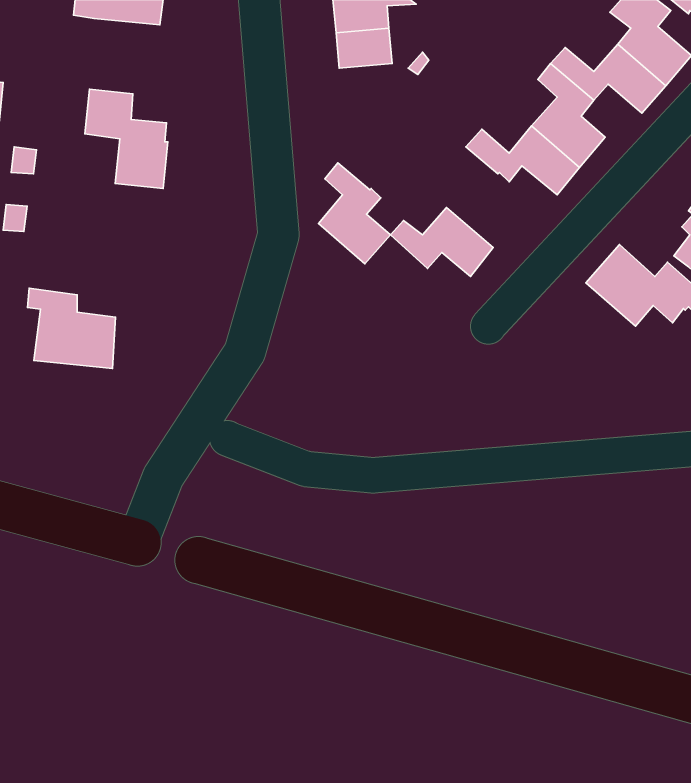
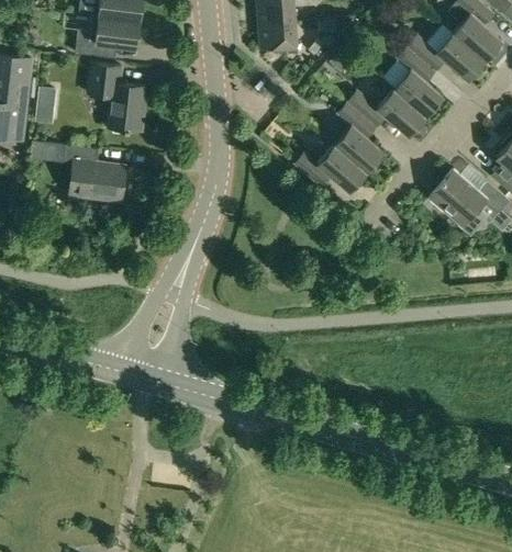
building: none -> [75,14,138,57]
building: [318,163,391,264] -> [335,102,385,171]
building: [28,288,116,368] -> [63,145,123,200]

